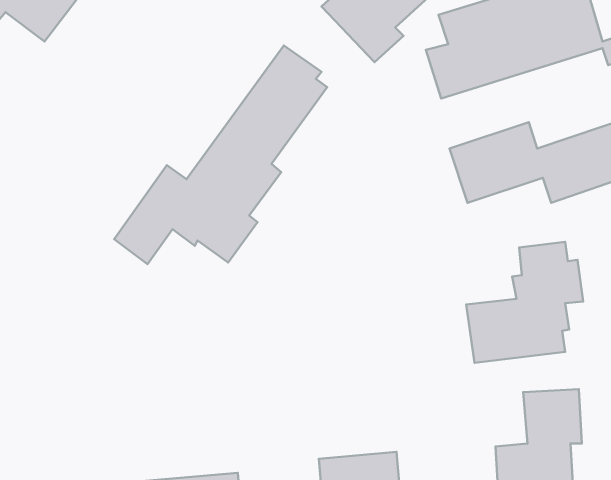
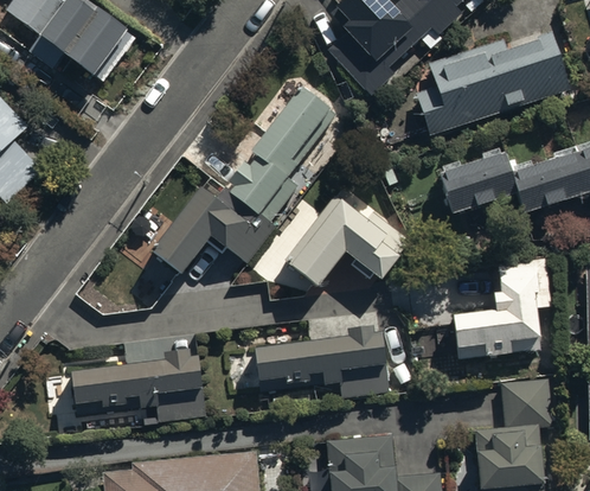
building: none -> [288,202,398,288]
building: none -> [254,315,389,396]
building: none -> [72,343,204,420]

